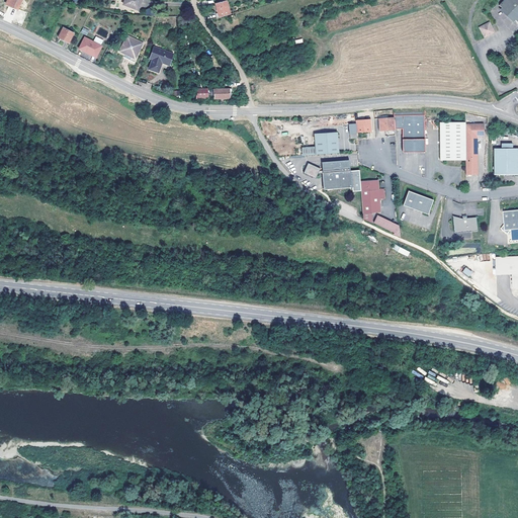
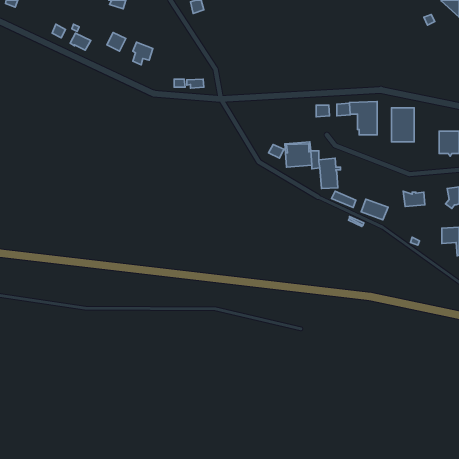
building: [466,122,486,174] -> none
building: [315,132,339,154] -> none
building: [404,190,434,213] -> [361,199,388,220]

